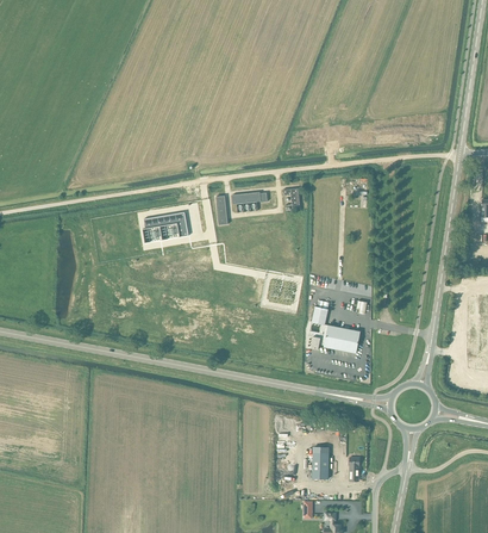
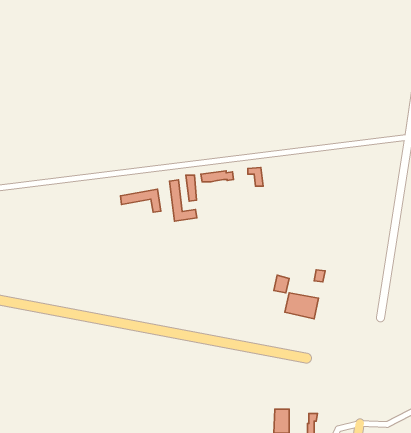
building: none -> [169,180,197,221]

